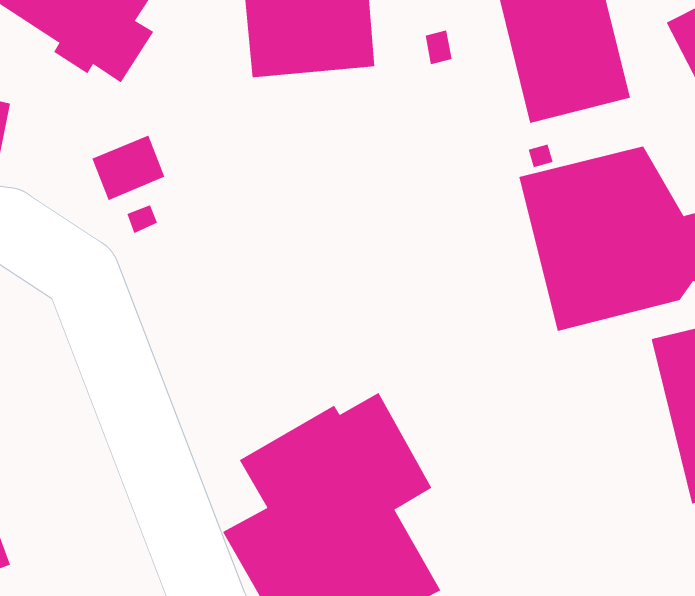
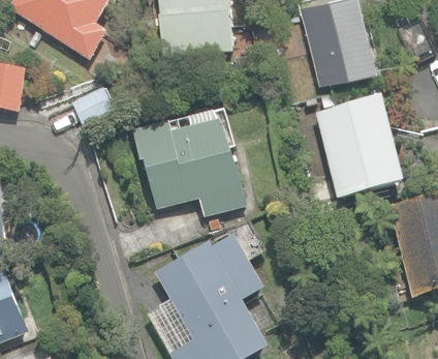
building: none -> [131,109,246,219]

